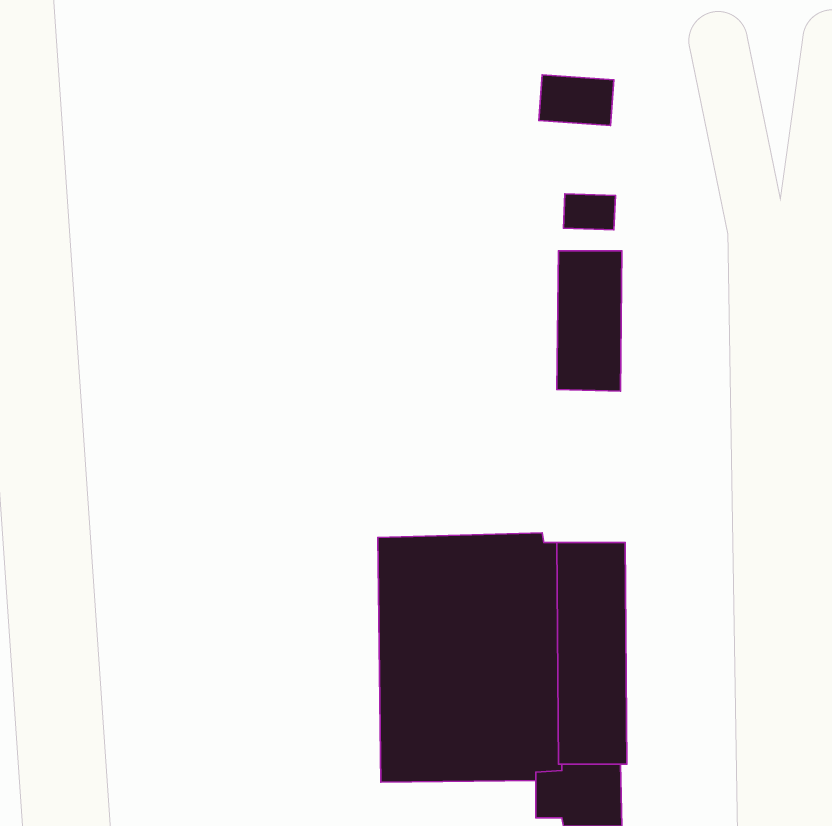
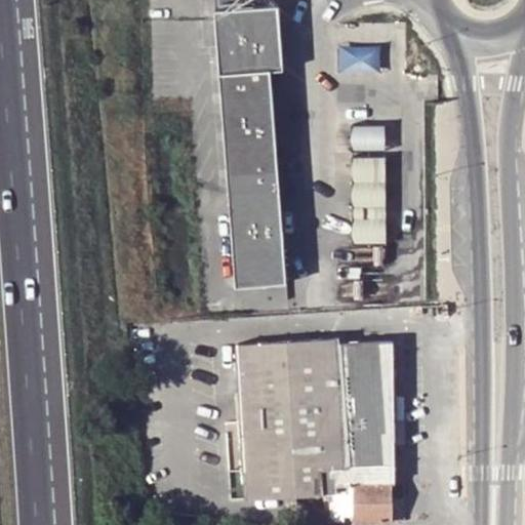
building: none -> [213,9,287,291]

